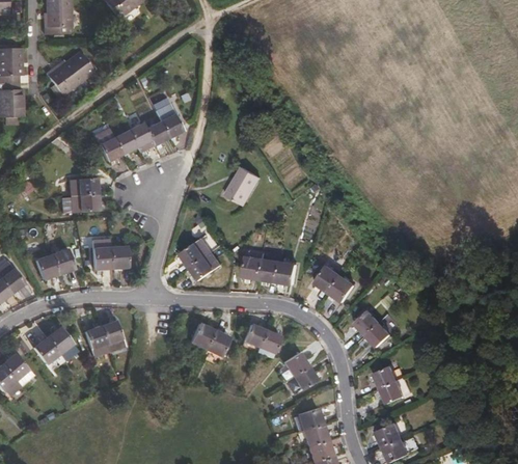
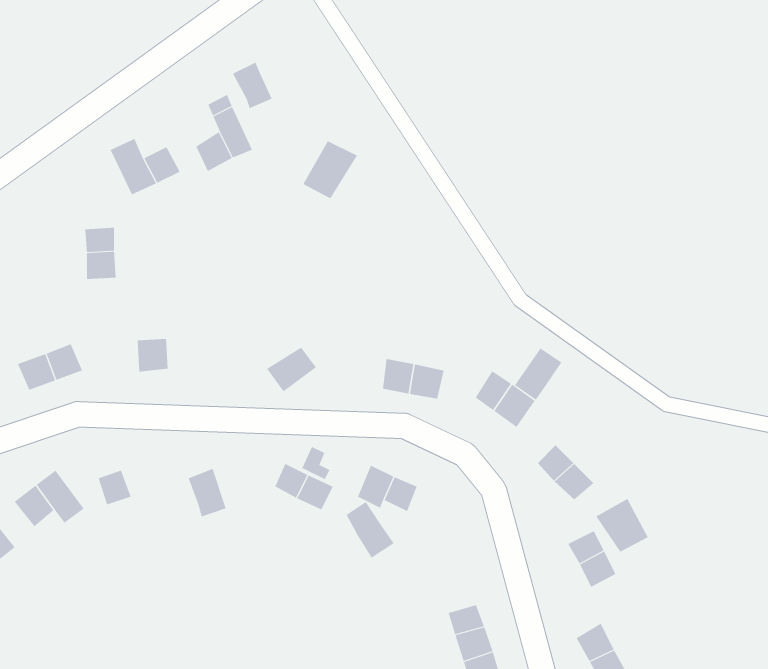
building: [43,49,90,90] -> none
building: [129,122,154,152] -> [232,62,273,109]
building: [225,169,260,206] -> [302,140,358,199]
building: [180,238,212,267] -> none
building: [92,241,111,270] -> none
building: [243,251,265,279] -> none
building: none -> [514,347,562,401]
building: [101,323,125,353] -> [188,468,227,517]
building: none -> [595,498,649,553]
building: [291,357,321,392] -> [346,501,395,558]

